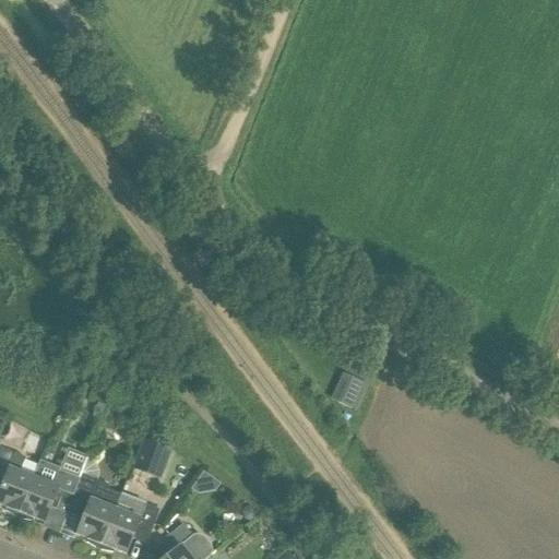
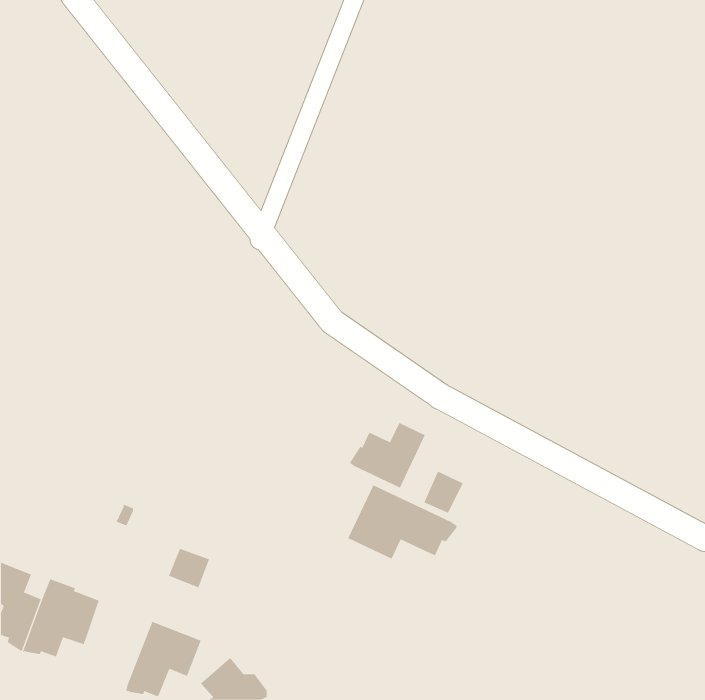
building: none -> [350,422,426,488]
building: none -> [348,485,458,559]
building: [69,471,120,546] -> none

